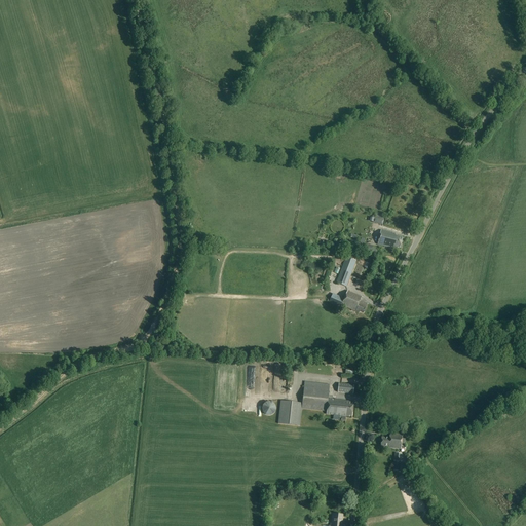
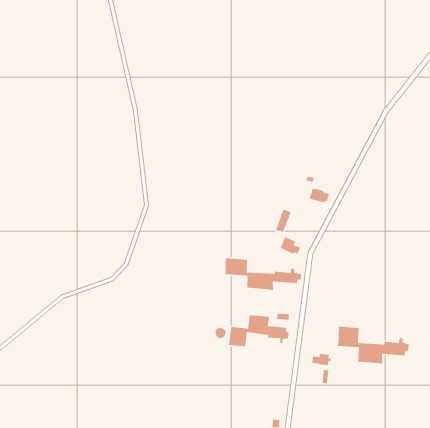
building: none -> [225,258,302,290]
building: none -> [338,326,410,364]

